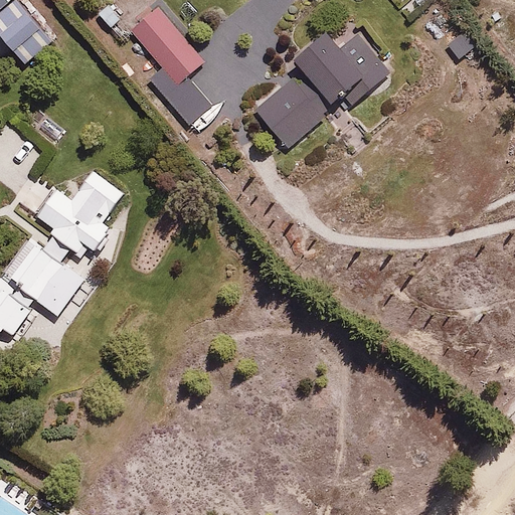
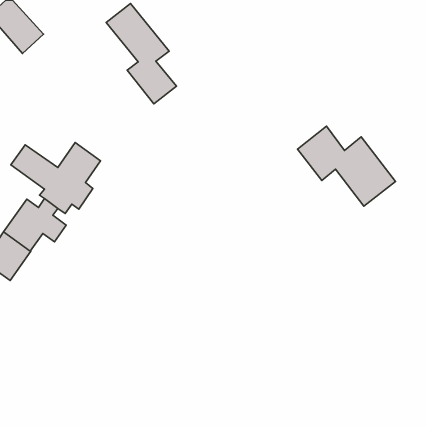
building: [253,29,390,148] -> none
building: none -> [298,126,396,206]

